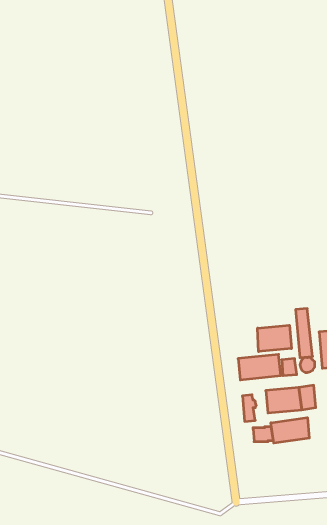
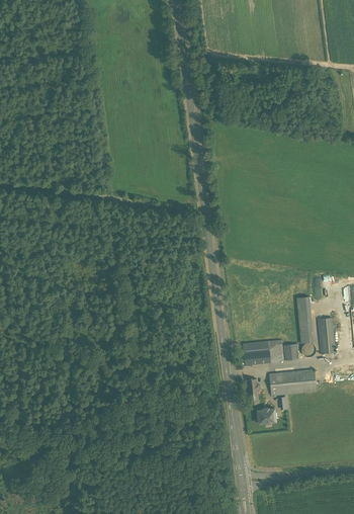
building: [258,325,291,352] -> none
building: [271,418,309,443] -> none

